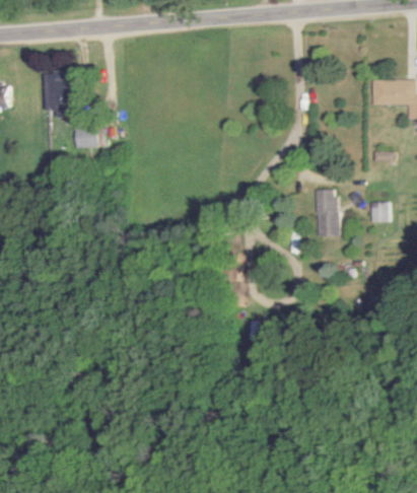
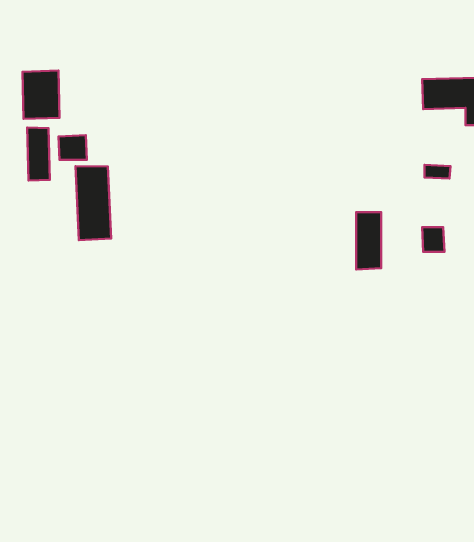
building: none -> [27,128,50,181]
building: none -> [76,166,111,240]

